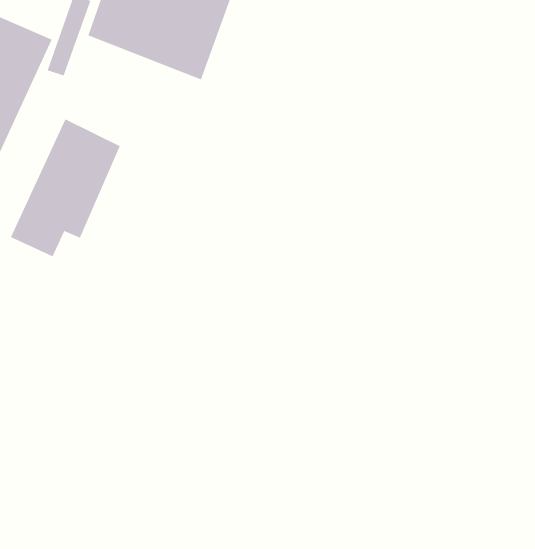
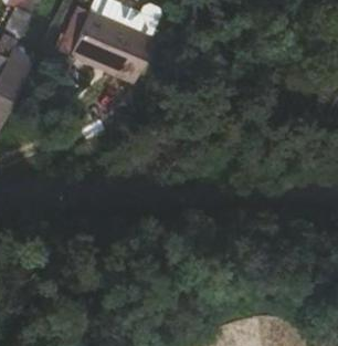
building: [10,119,120,257] -> none

